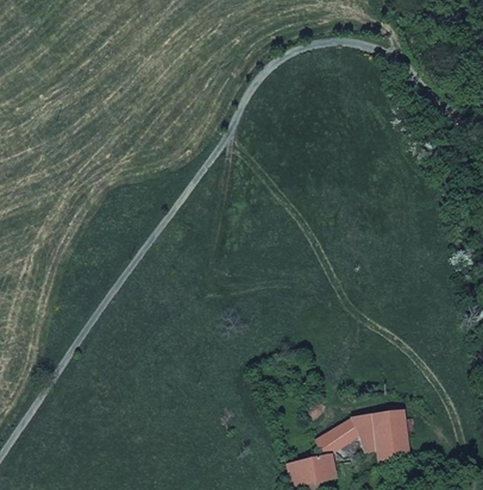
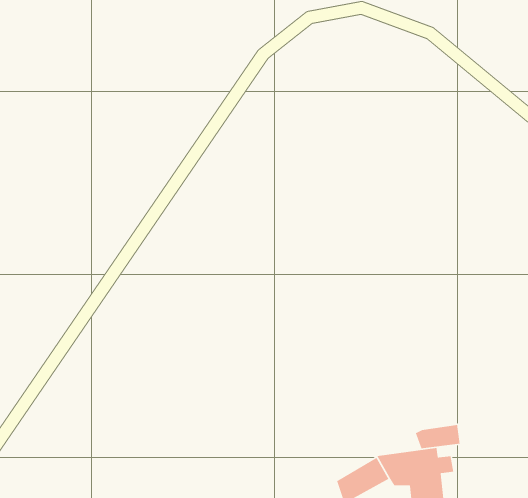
building: none -> [415,424,461,449]

